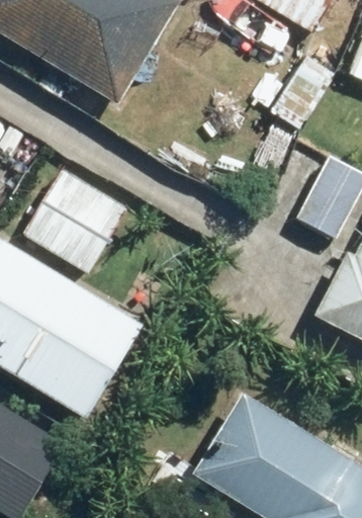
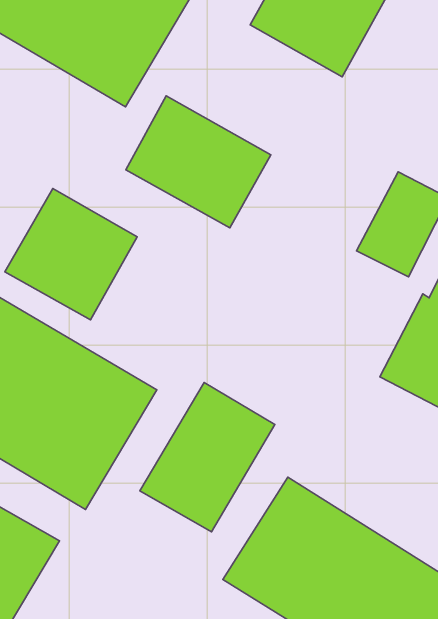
building: none -> [126,96,271,228]
building: none -> [140,383,275,532]

